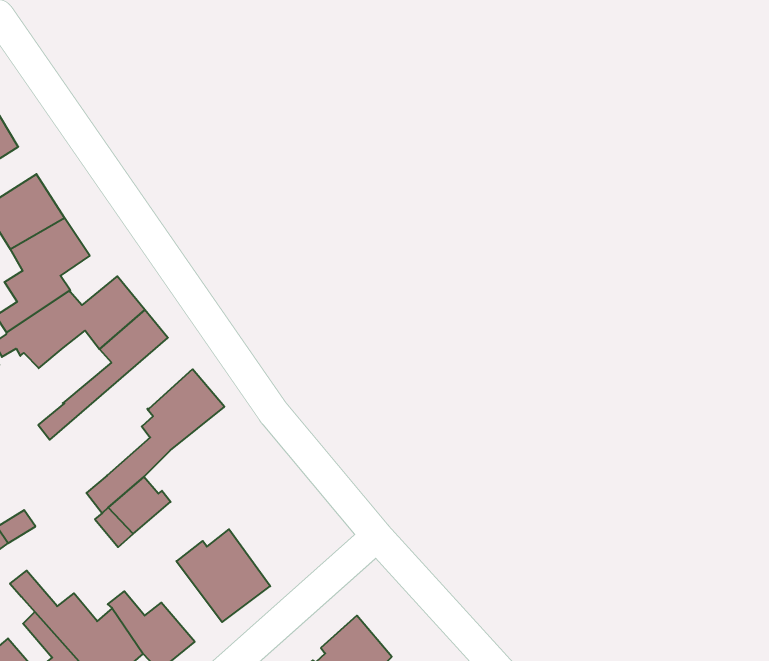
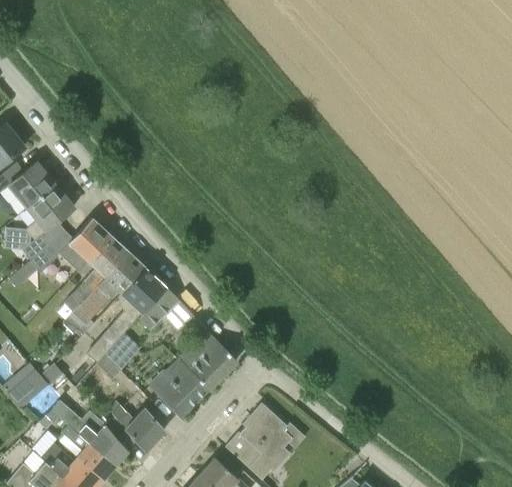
building: none -> [61,250,144,335]
building: none -> [137,287,193,331]
building: none -> [178,332,237,391]

